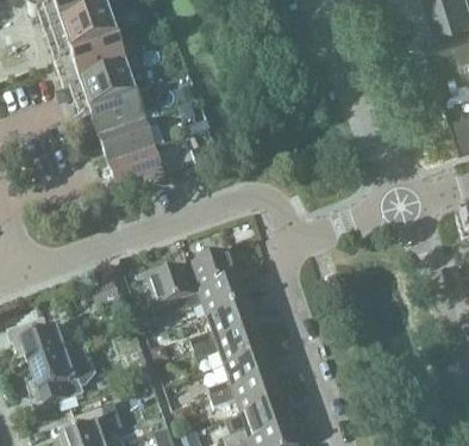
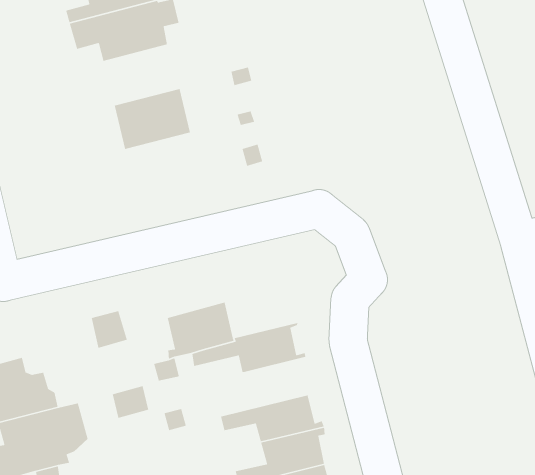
building: [75,78,145,125] -> none
building: [108,141,167,190] -> none
building: [192,249,246,289] -> none
building: [192,298,258,347] -> none

